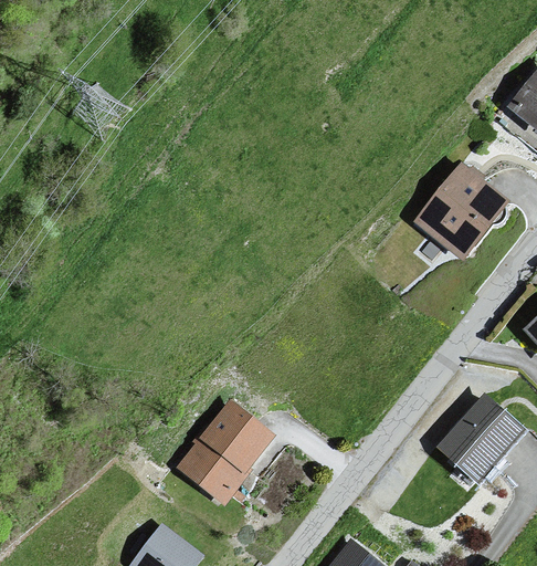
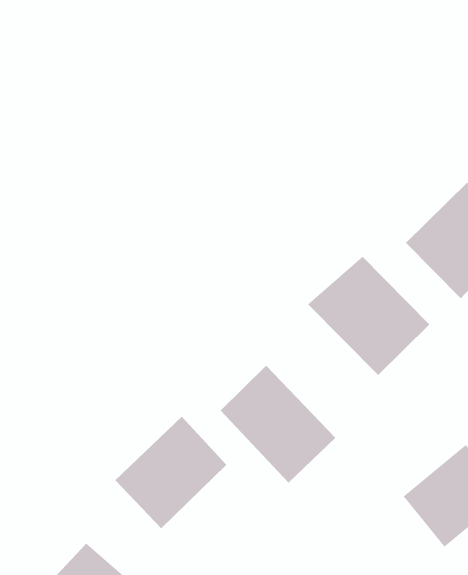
building: none -> [307,256,430,376]
building: none -> [220,365,336,484]

